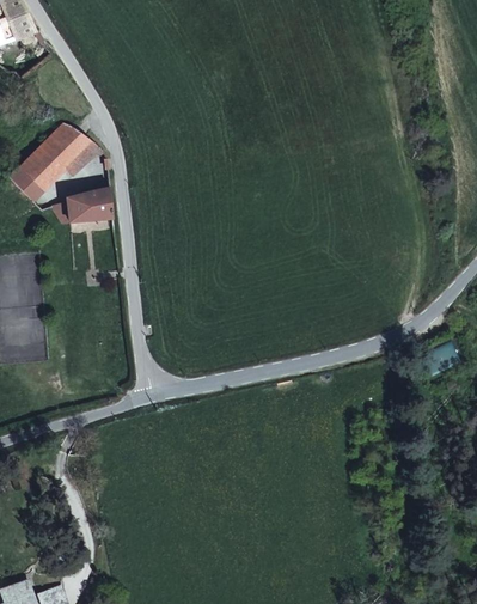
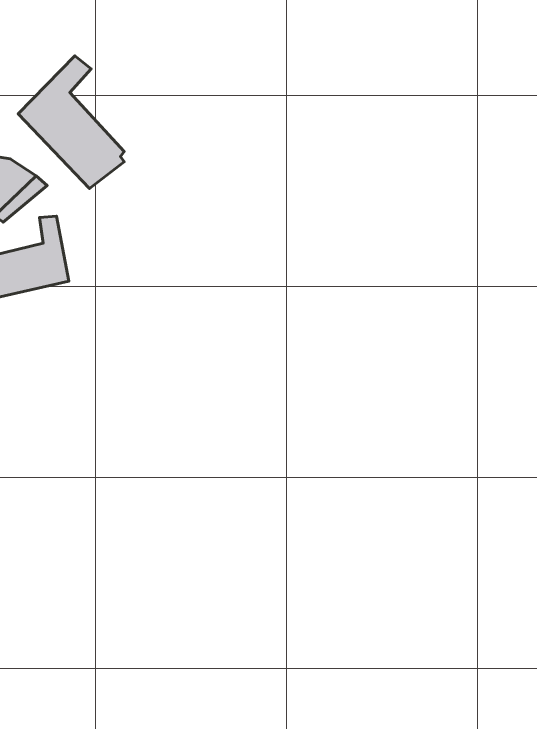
building: none -> [18,56,124,189]

